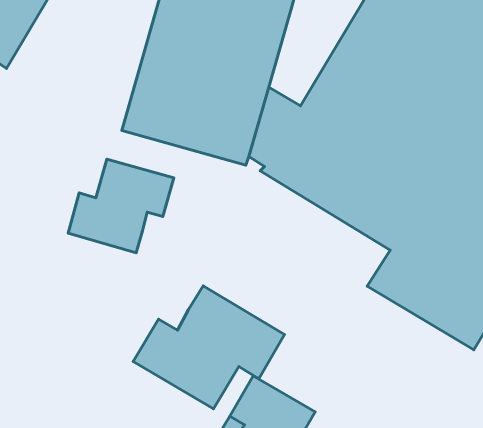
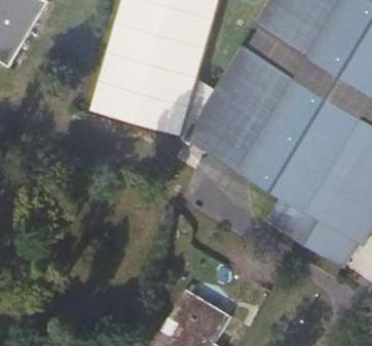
building: [68,159,174,253] -> none
building: [133,286,284,409] -> none

